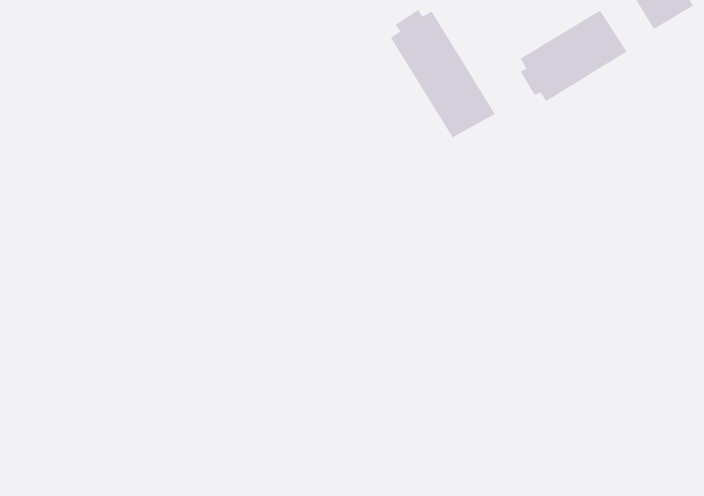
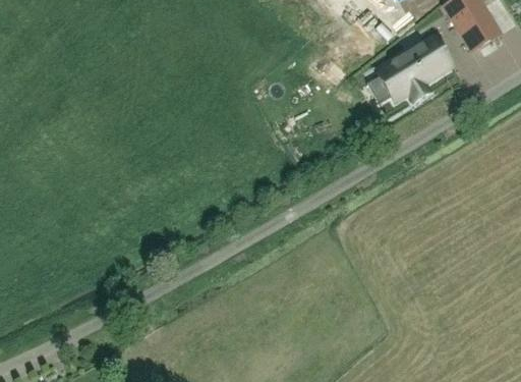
building: [390,9,495,138] -> none

